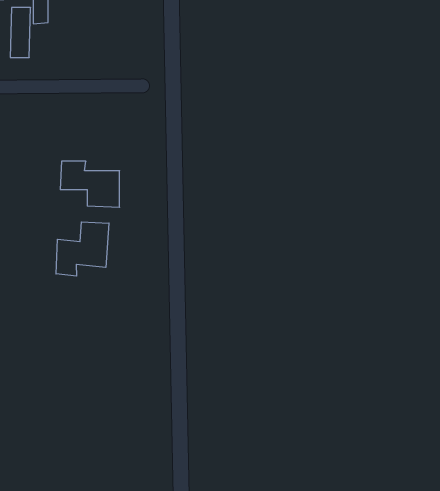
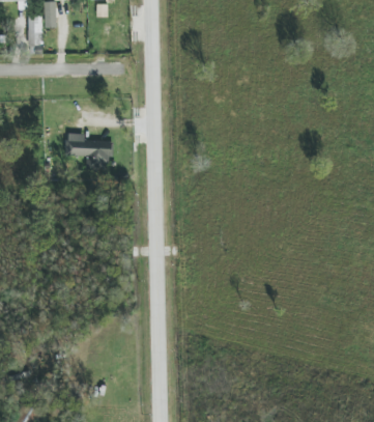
building: [56,222,109,276] -> none

